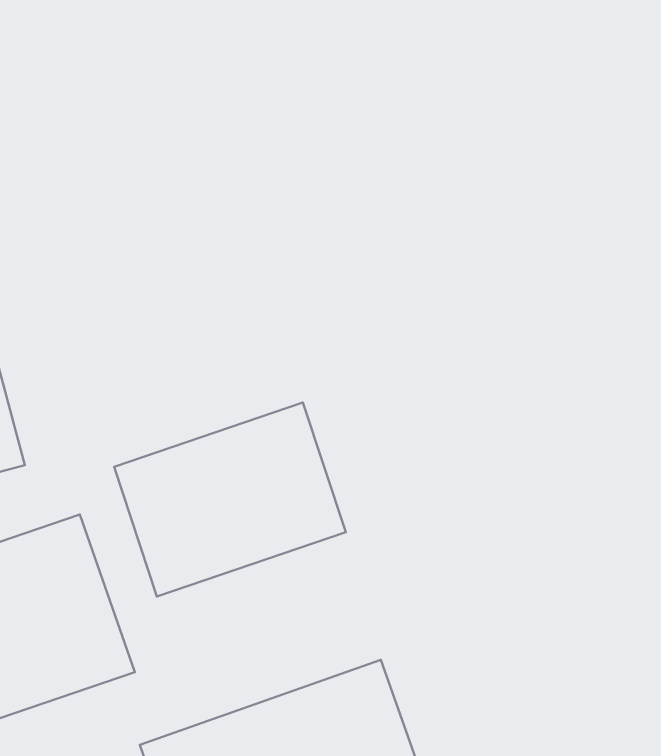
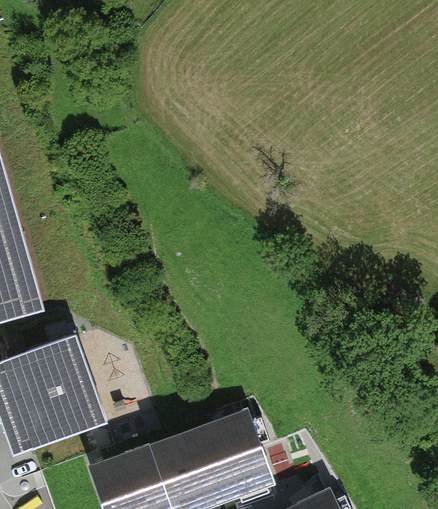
building: [114,402,346,596] -> none

